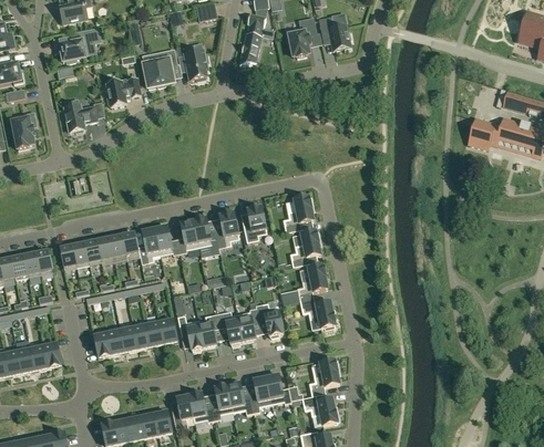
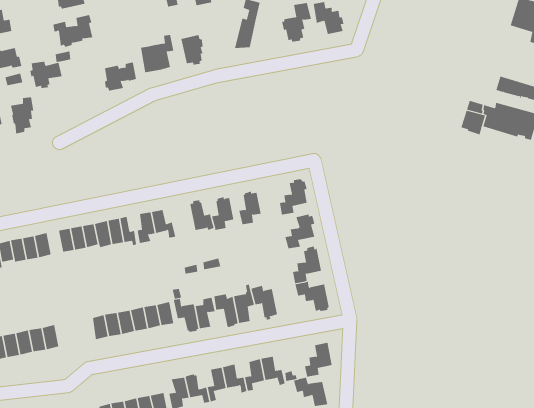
building: [63,104,96,132] -> [30,61,62,88]
building: [176,219,198,253] -> none

